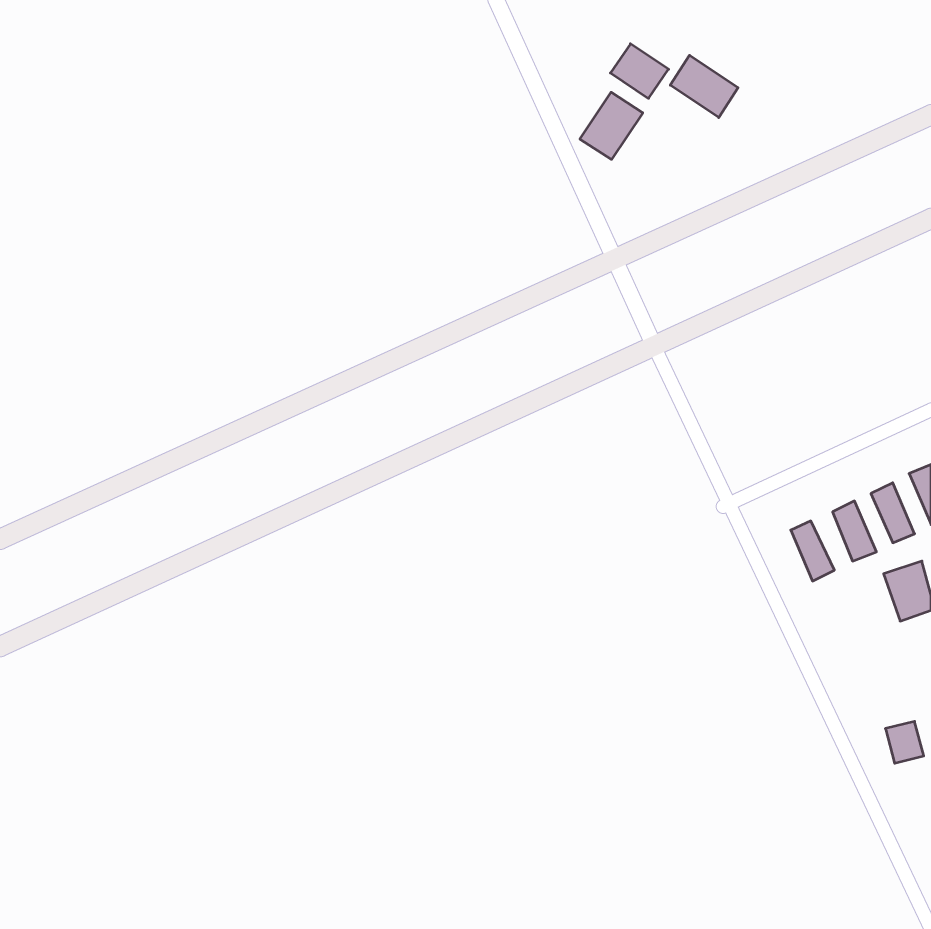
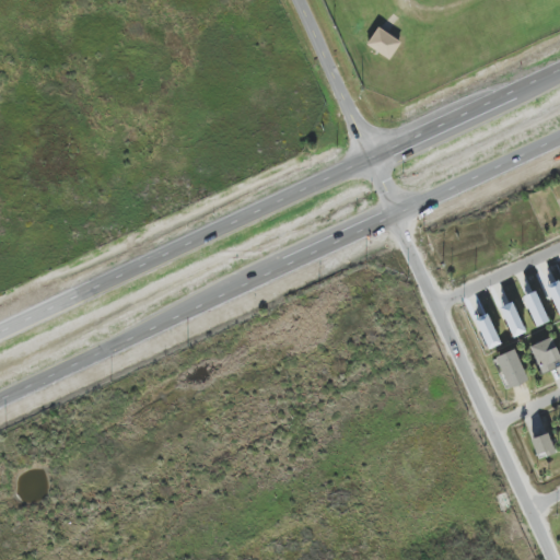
building: [670,55,738,118] -> none
building: [580,92,643,159] -> none
building: none -> [495,348,528,388]

